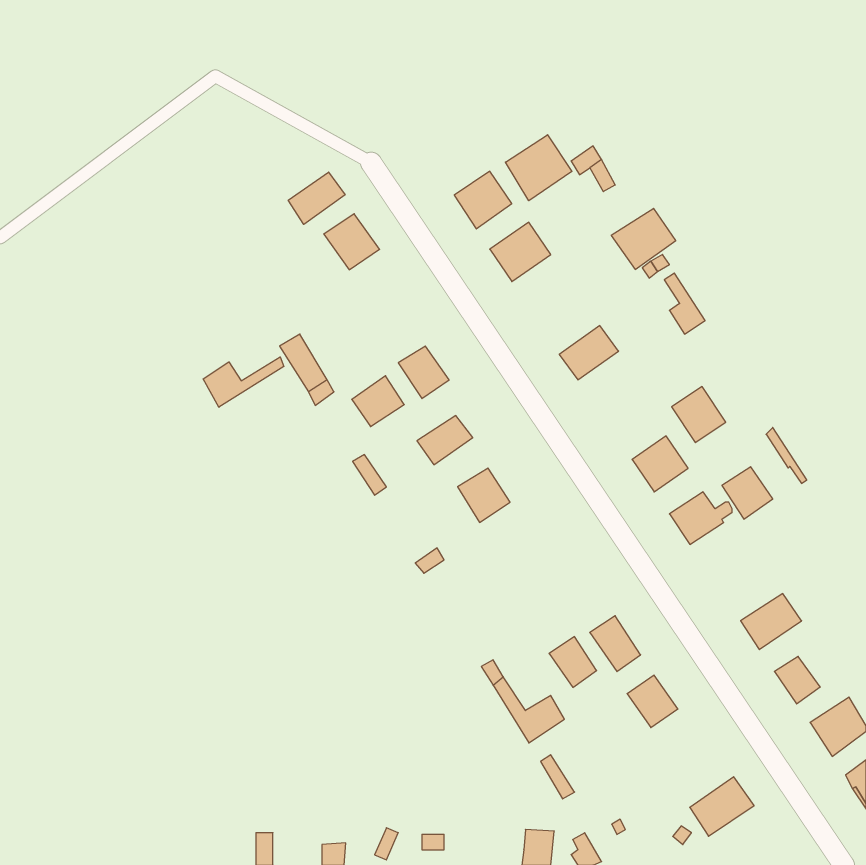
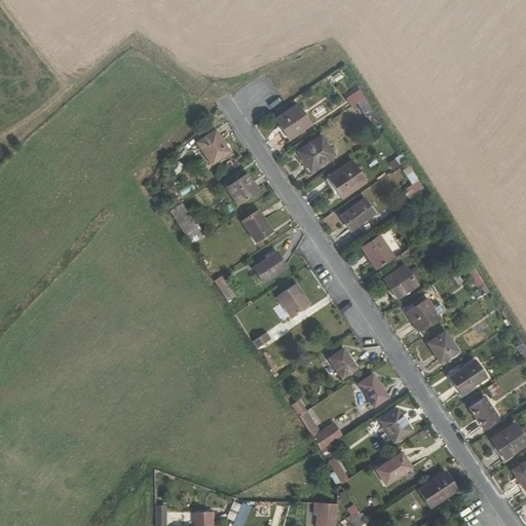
building: [505,135,572,201] -> none
building: [288,172,345,224] -> none
building: [611,208,676,269] -> [327,160,366,197]
building: [203,357,284,407] -> none
building: [352,376,404,427] -> [226,173,258,203]
building: [672,387,726,443] -> [361,234,393,268]
building: [722,467,773,519] -> [427,331,458,363]
building: [549,637,597,687] -> [328,347,356,378]
building: none -> [376,452,412,484]

